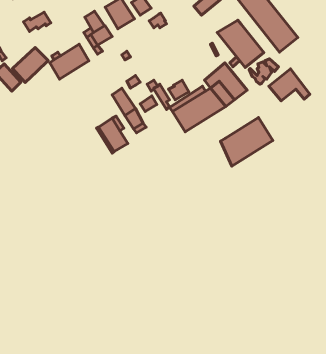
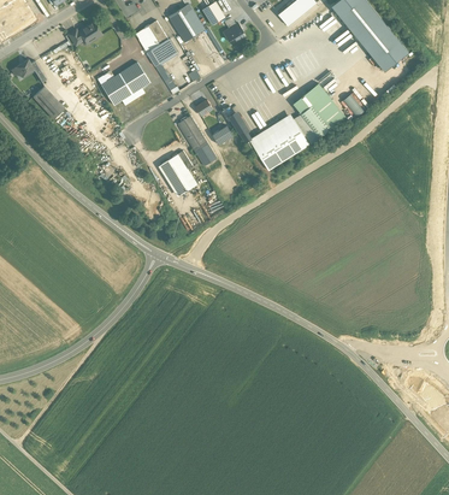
building: [217,20,264,68] -> none
building: [12,48,48,82] -> none
building: [269,69,310,101] -> none
building: [221,117,273,166] -> none

